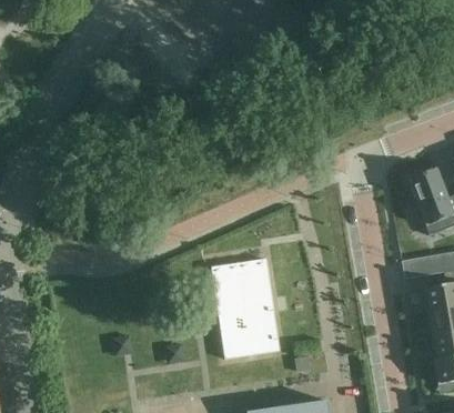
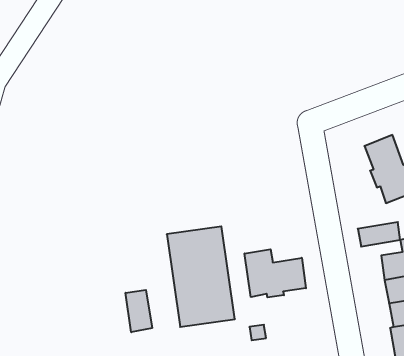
building: none -> [245,249,306,297]
building: none -> [126,290,152,332]

